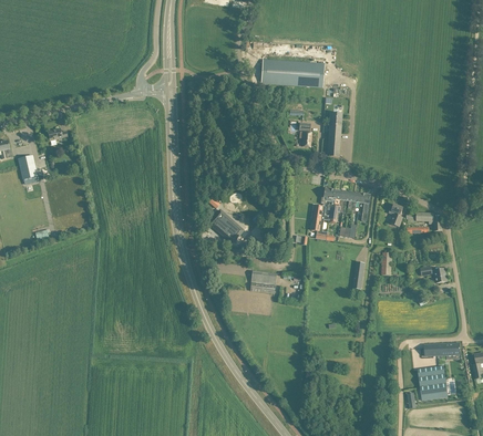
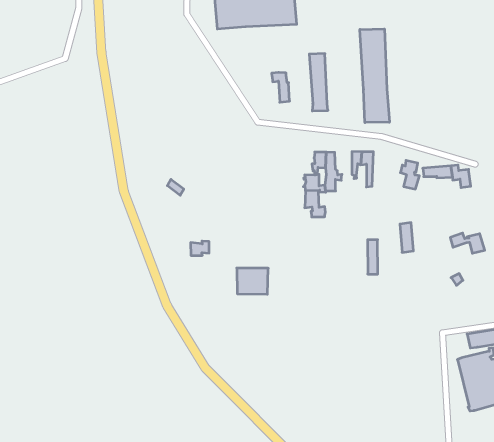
building: none -> [360,29,389,123]
building: [208,209,244,242] -> none

